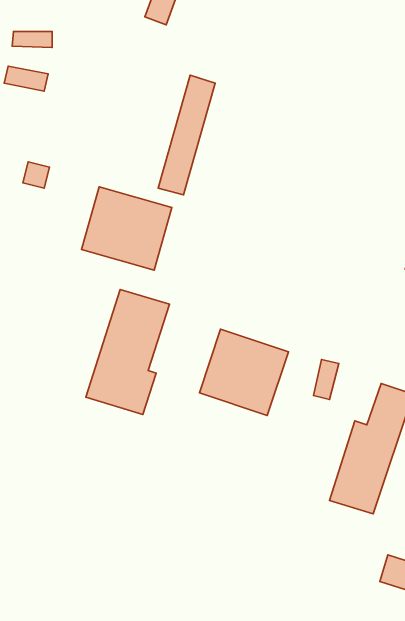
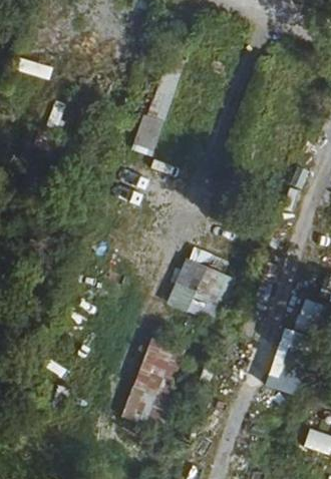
building: [82,187,172,270] -> none
building: [86,290,169,414] -> [122,336,186,430]

